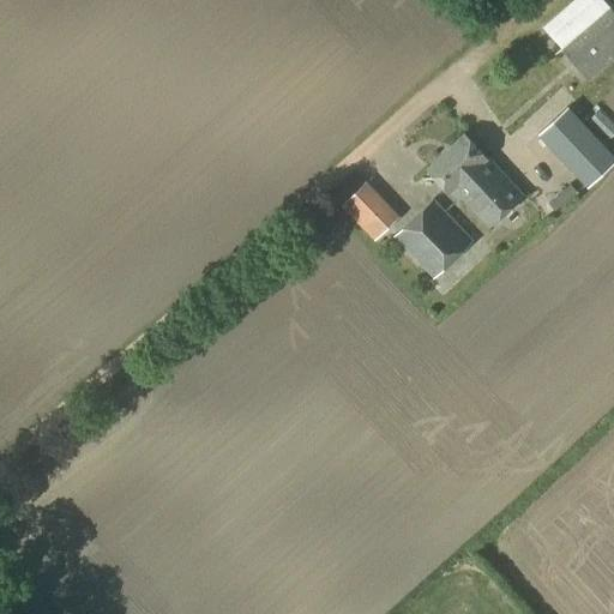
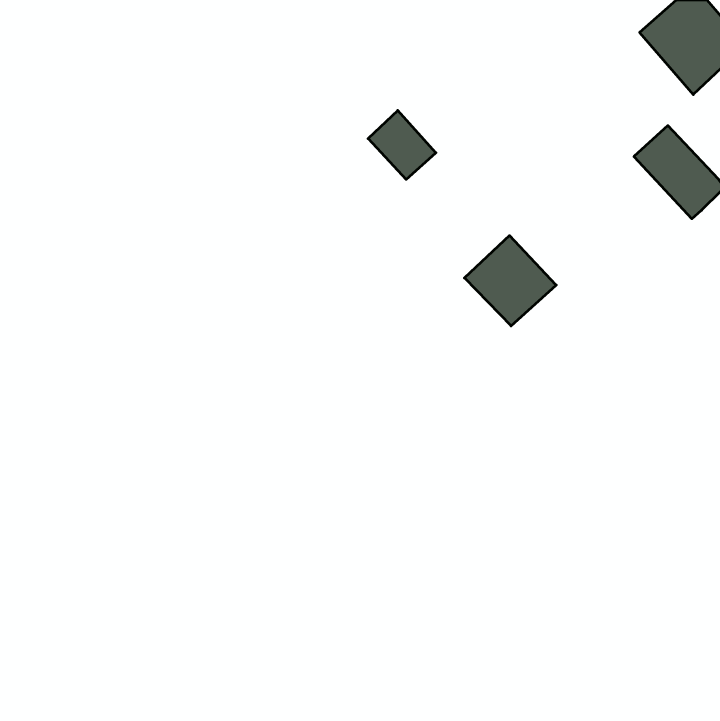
building: [428,134,523,227] -> none
building: [343,182,401,241] -> [368,110,436,179]

